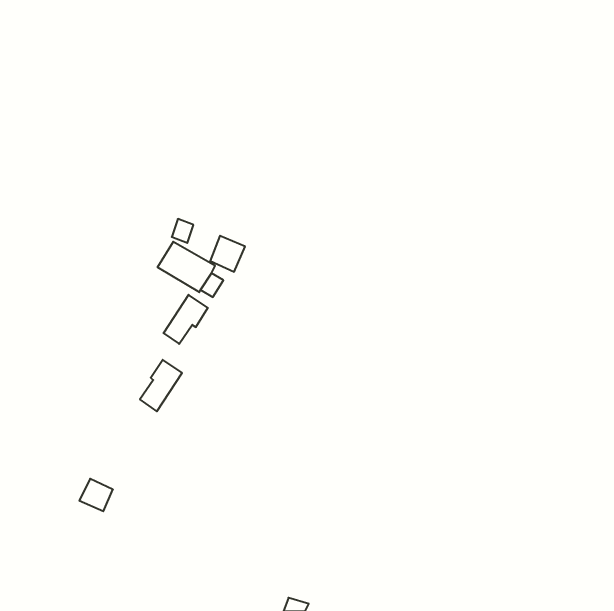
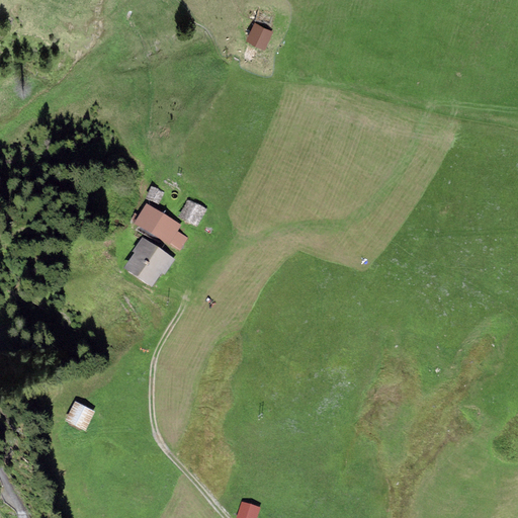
building: none -> [248,20,274,47]
building: [140,360,182,411] -> [123,237,159,280]

